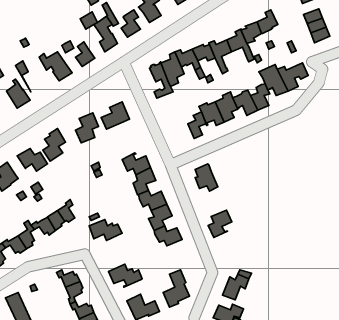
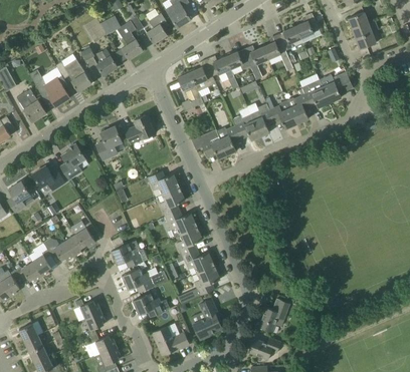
building: none -> [44,75,69,106]
building: [195,164,218,191] -> [201,129,226,159]
building: [208,210,232,237] -> [193,266,219,296]
building: none -> [121,269,169,293]

